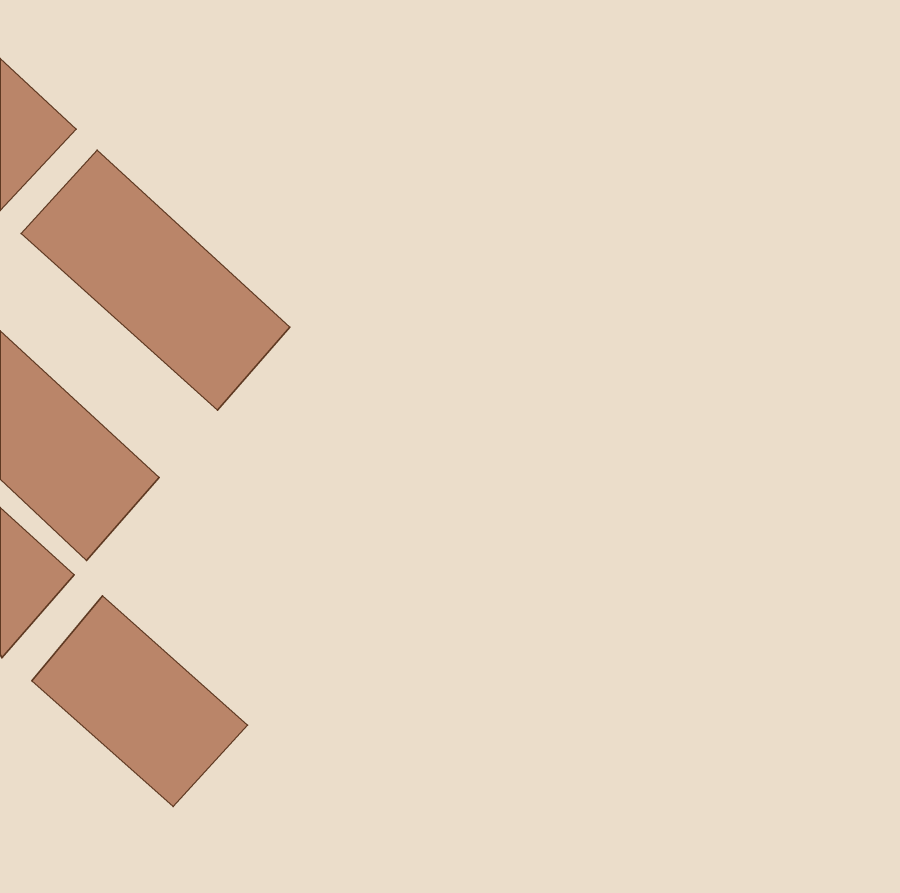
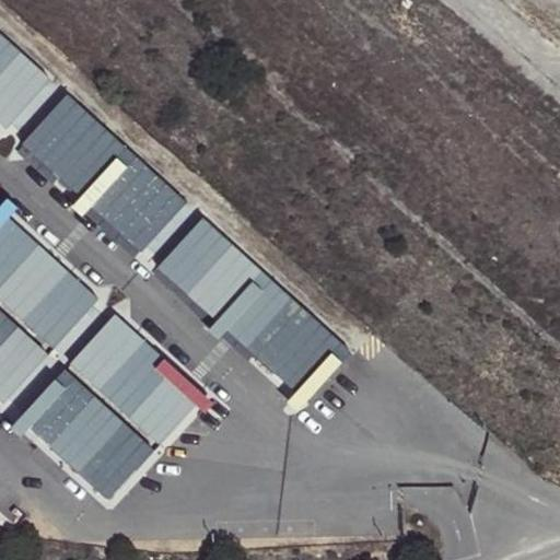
building: none -> [151,218,329,388]
building: none -> [72,310,203,440]

